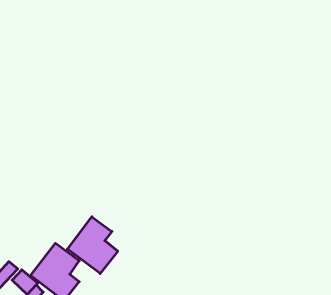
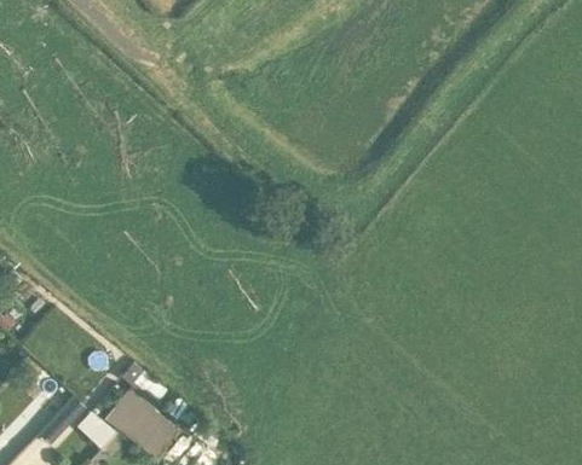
building: [67,217,118,274] -> none

